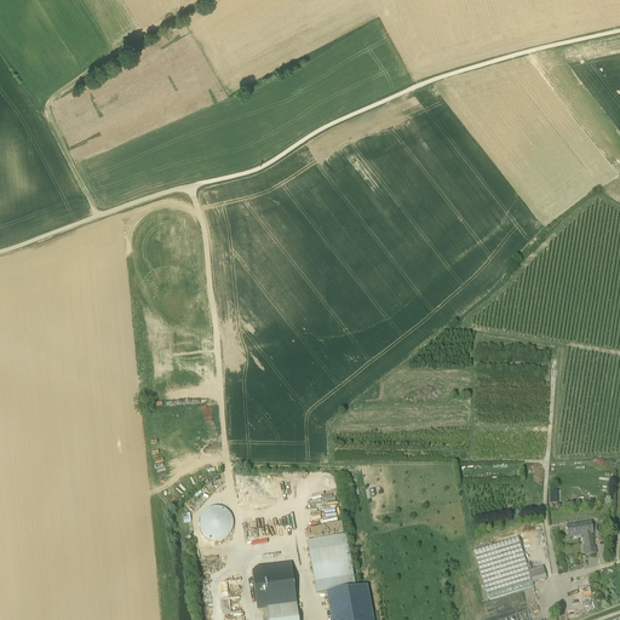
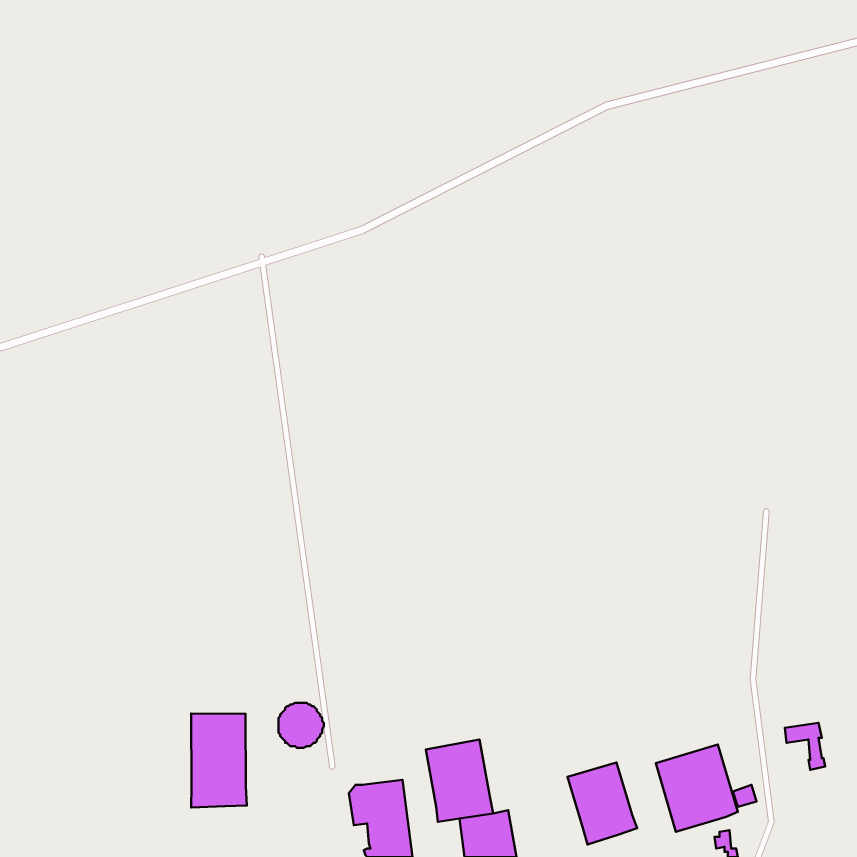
building: none -> [191,713,247,808]
building: none -> [567,762,637,845]

